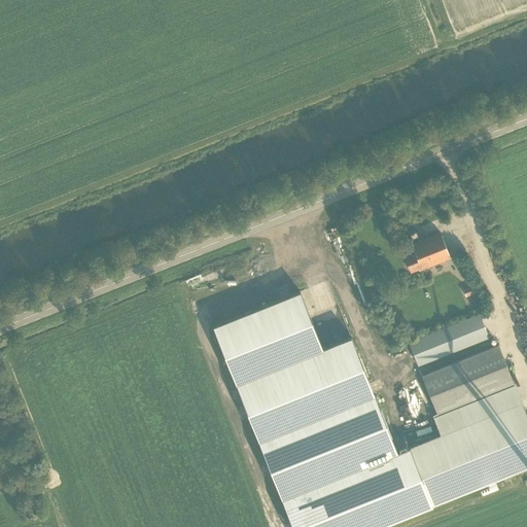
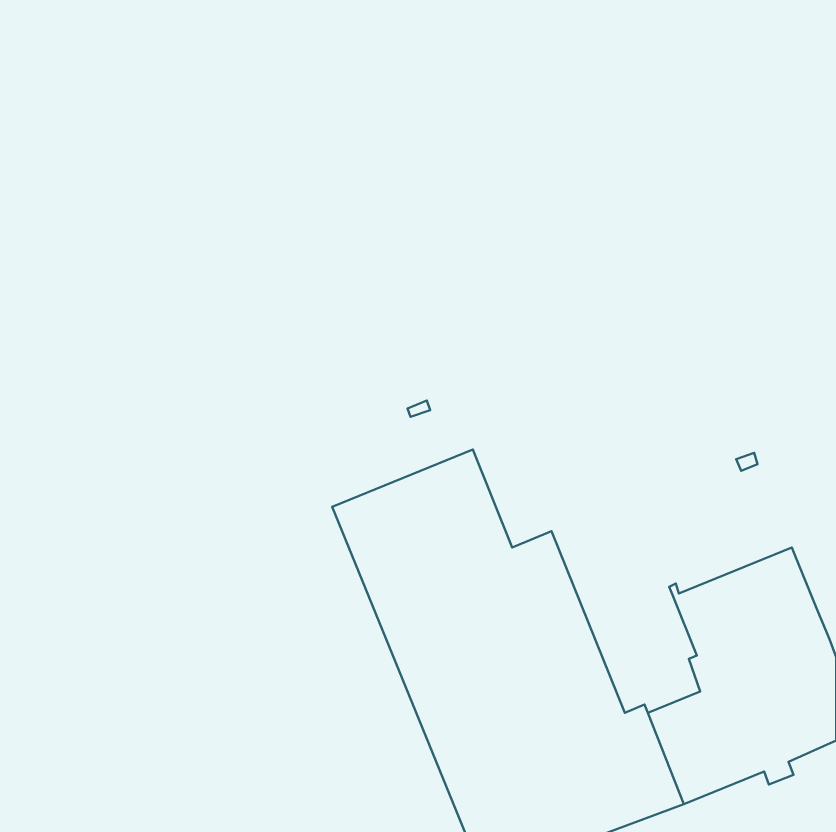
building: [405,235,452,274] -> none
building: [409,312,492,368] -> none

